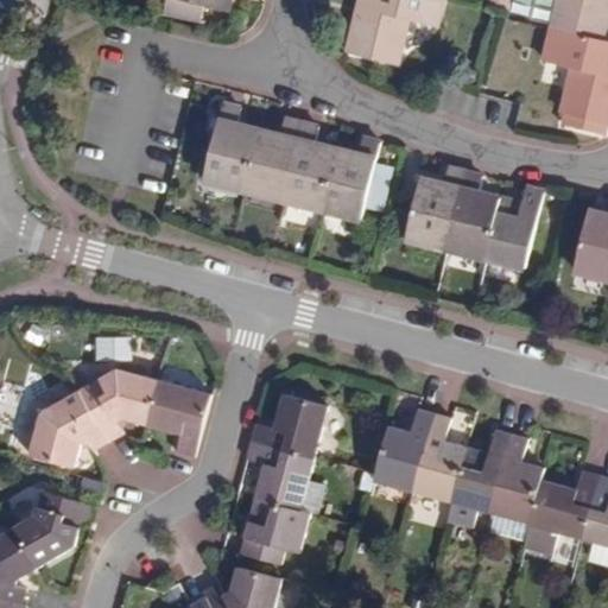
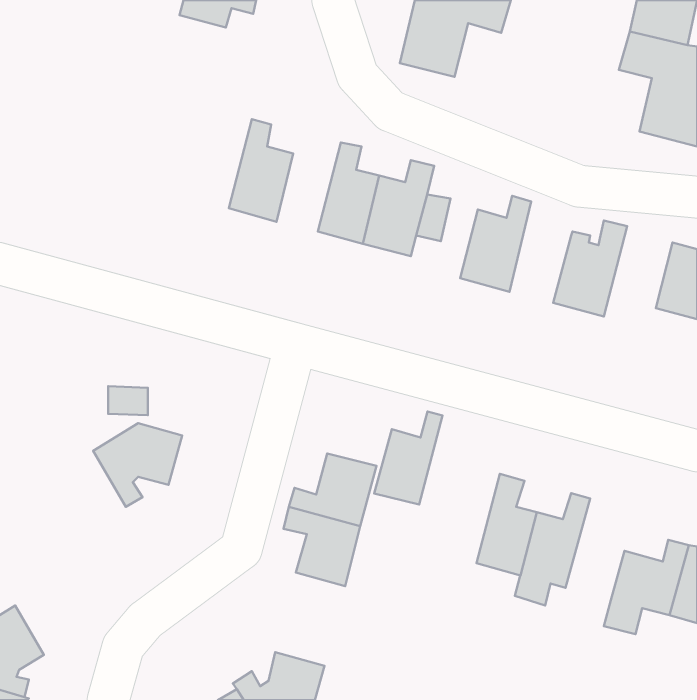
building: [240,119,296,201] -> none
building: [442,175,495,262] -> none
building: [146,378,211,455] -> none
building: [30,391,109,467] -> none
building: [374,407,433,488] -> [374,411,443,505]
building: [490,432,544,520] -> none
building: [13,492,94,568] -> none
building: [242,496,310,562] -> none

